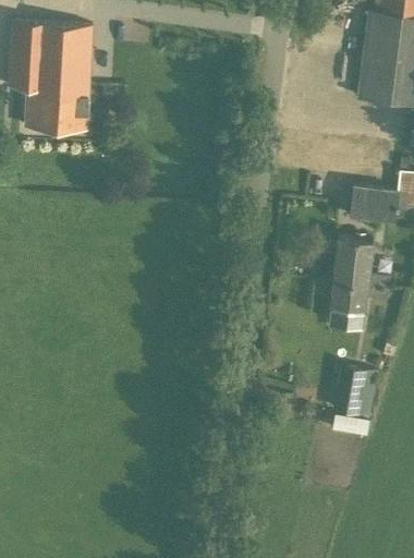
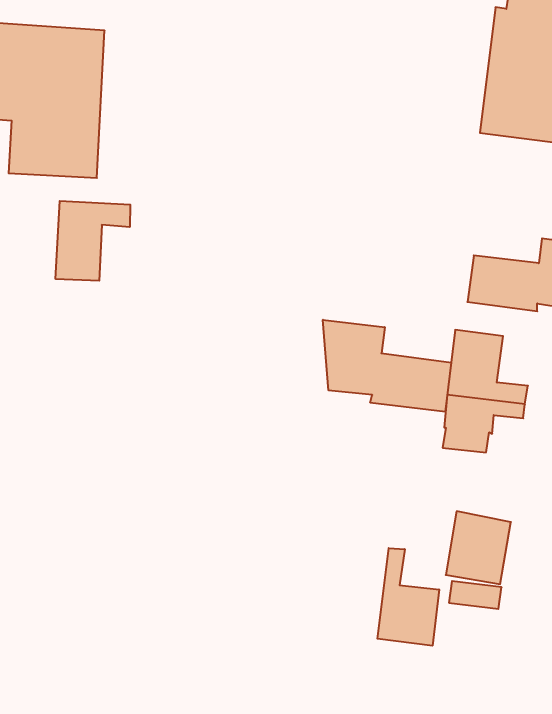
building: none -> [56,201,130,281]
building: none -> [323,320,451,412]
building: none -> [377,548,439,646]

